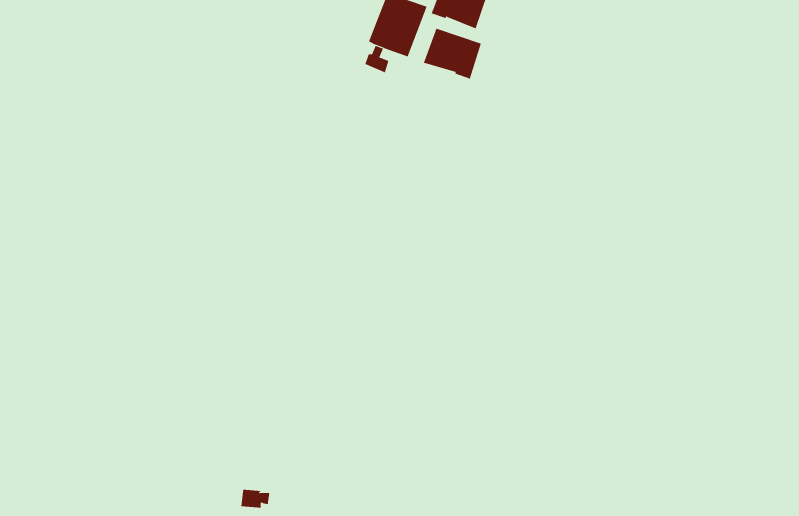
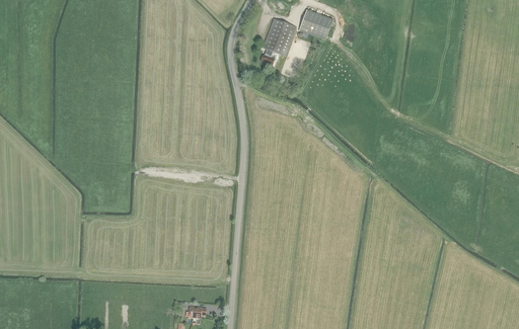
building: [423,28,481,80] -> none

